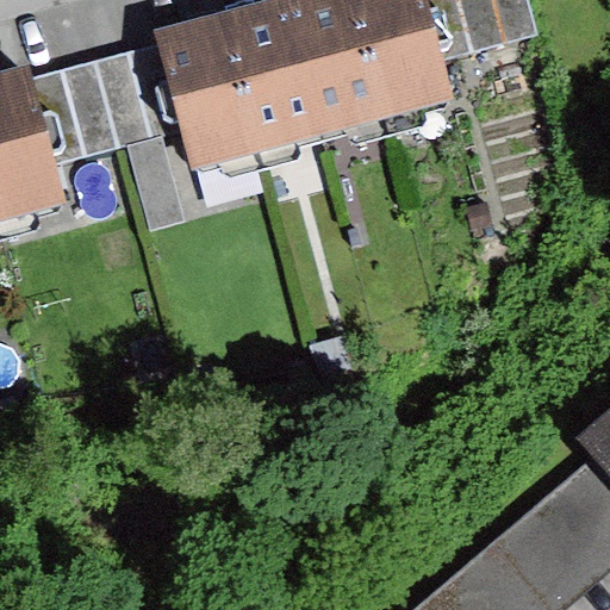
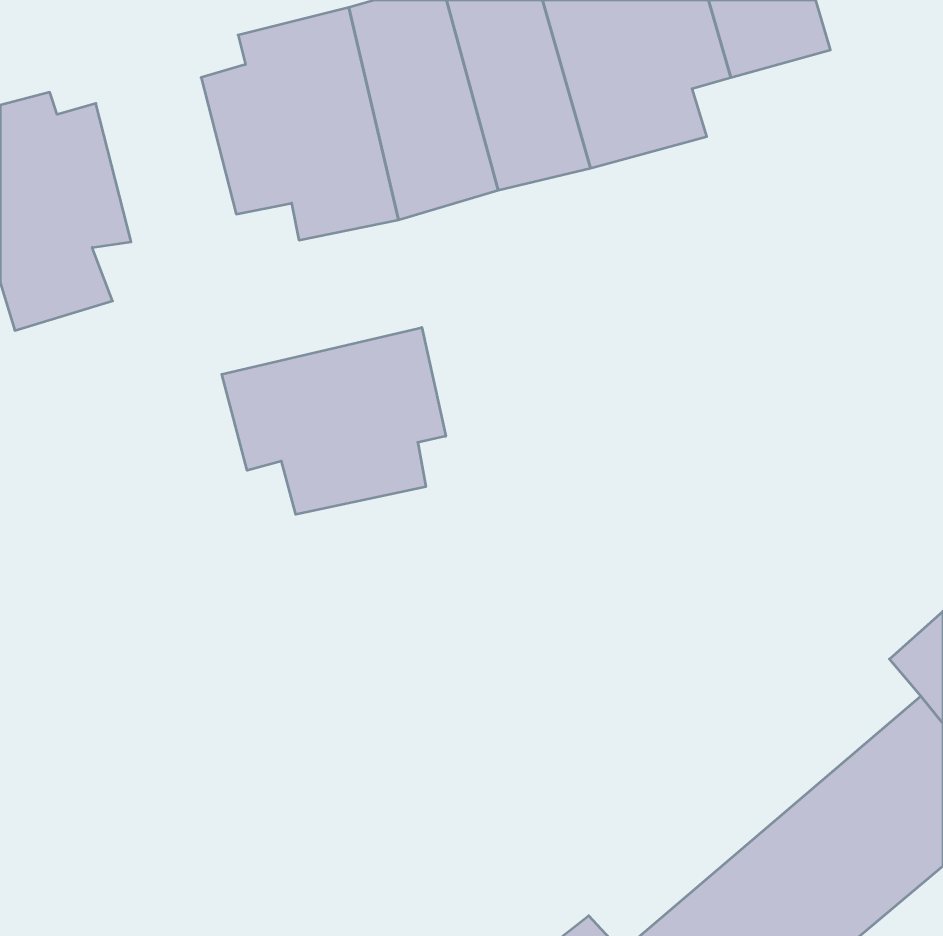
building: [62,55,152,161] -> none
building: none -> [222,327,446,514]

